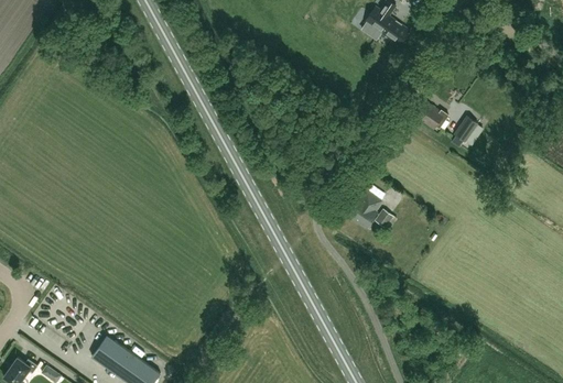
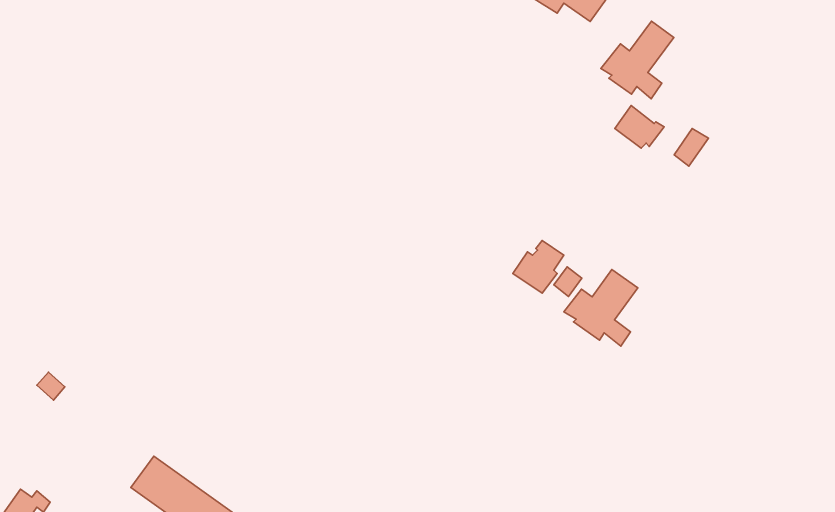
building: none -> [601,21,674,99]
building: none -> [564,270,638,346]

